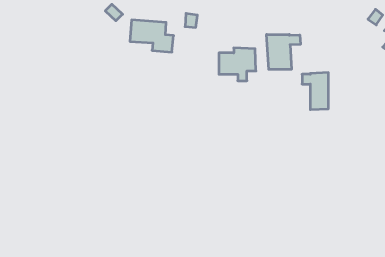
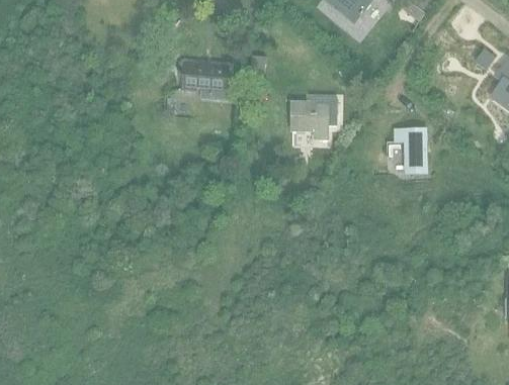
building: [267,34,300,69] -> none

